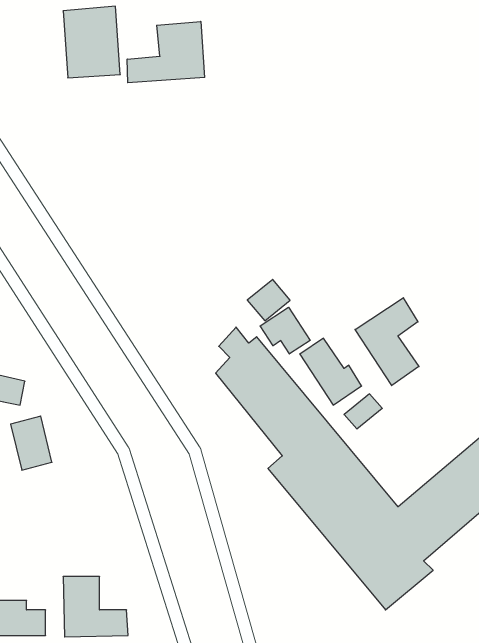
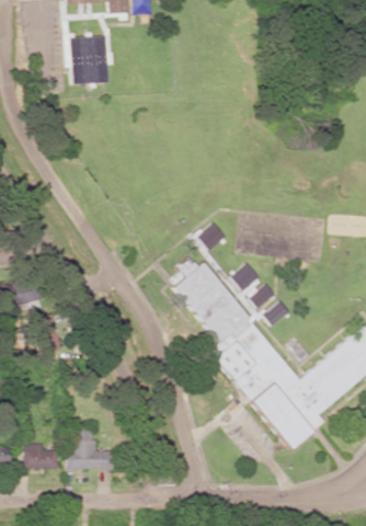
building: [127,21,205,83] -> none
building: [355,298,419,386] -> none
building: [260,307,310,354] -> none

